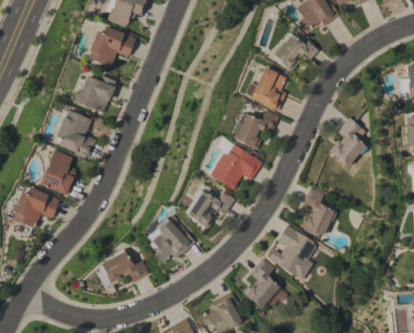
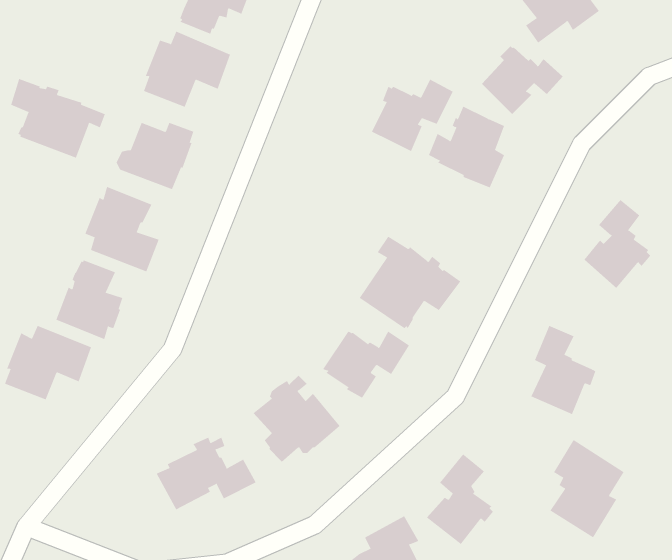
building: none -> [11,78,106,159]
building: [235,109,280,149] -> [371,79,454,152]
building: [275,223,316,277] -> [550,439,624,538]

